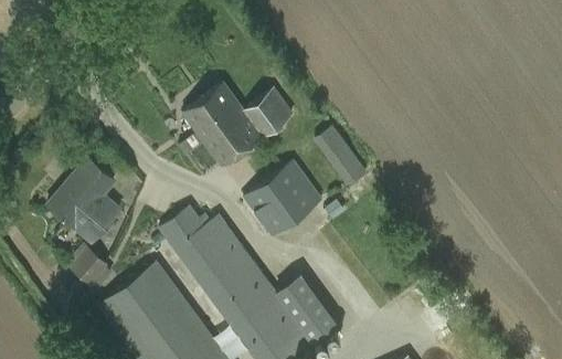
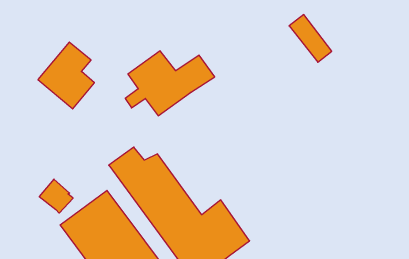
building: [315,127,369,188] -> [289,15,332,62]
building: [49,158,120,243] -> [38,42,94,109]
building: [243,160,324,237] -> none

